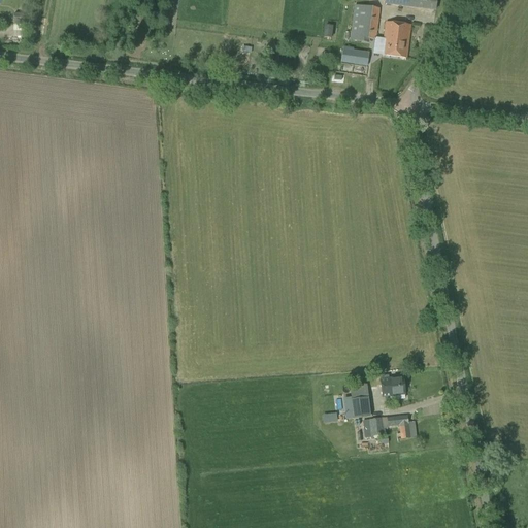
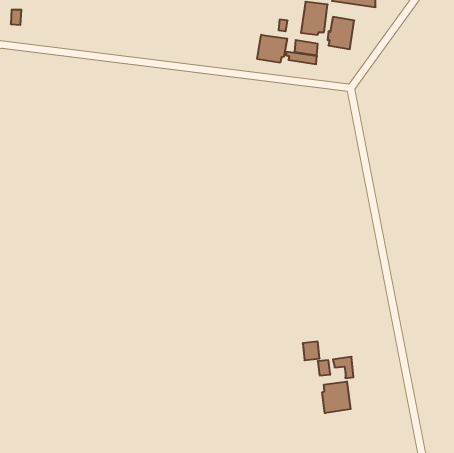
building: none -> [257,35,287,63]
building: [381,374,405,398] -> none
building: none -> [322,381,351,413]

